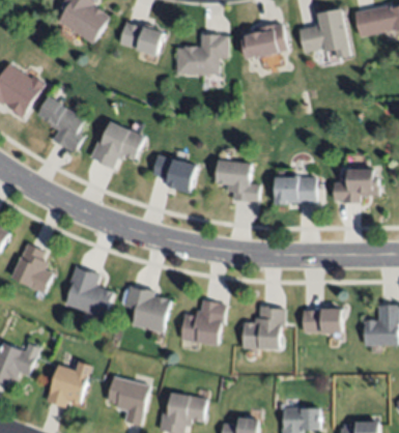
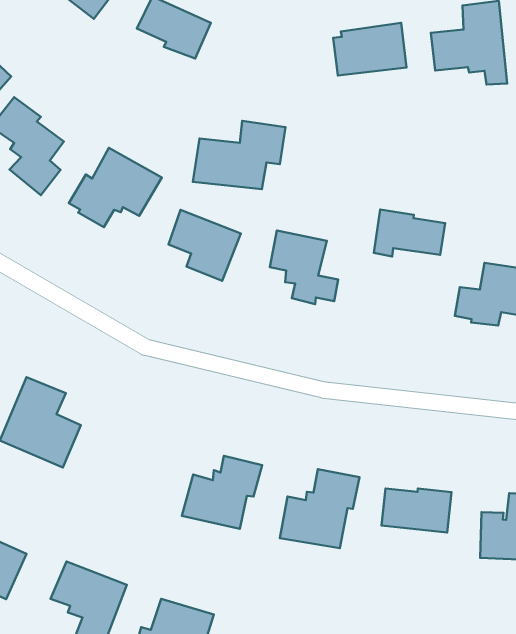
building: [177,37,230,78] -> [193,121,286,189]
building: [275,176,316,204] -> [374,209,445,257]
building: [124,284,169,333] -> none

